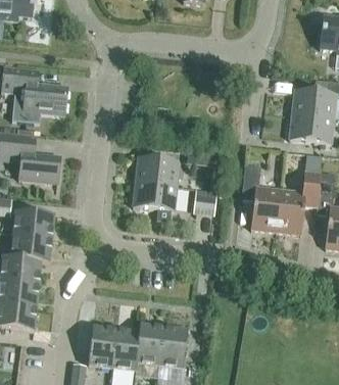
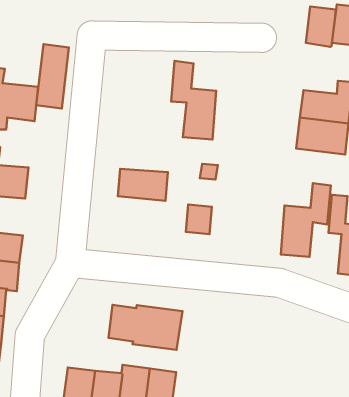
building: none -> [306,6,336,47]
building: none -> [36,44,69,109]
building: [240,163,279,231] -> [171,61,216,139]
building: [134,181,177,210] -> none
building: none -> [108,305,183,350]

